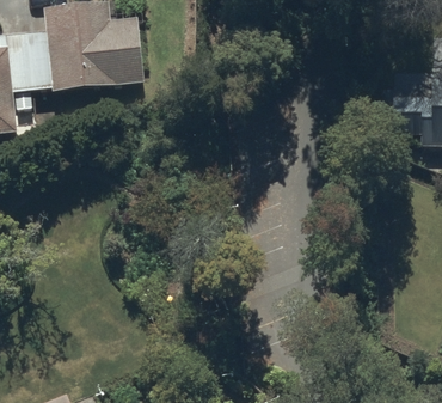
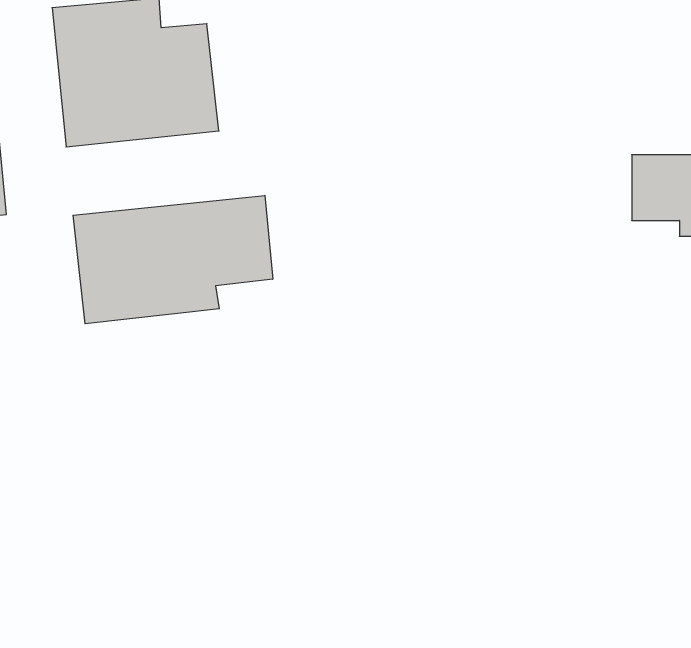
building: none -> [73,195,273,324]

